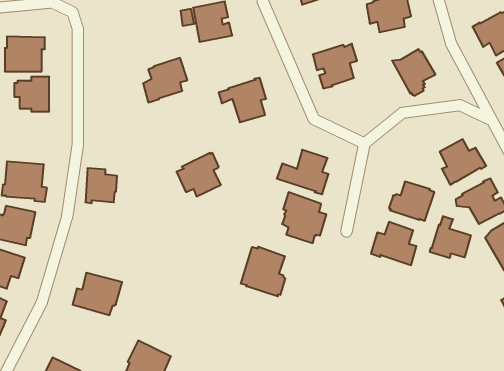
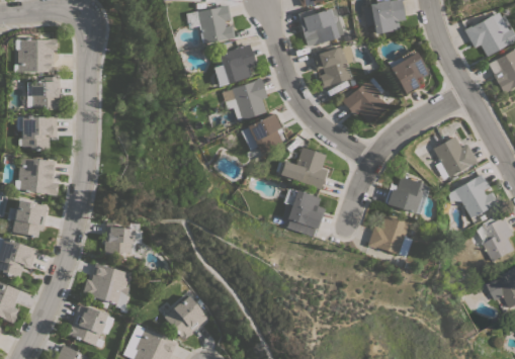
building: none -> [295,8,344,46]
building: [143,58,187,102] -> [213,44,256,87]
building: none -> [341,79,387,123]
building: none -> [20,117,56,150]
building: [176,153,221,196] -> [241,113,283,155]
building: [85,168,117,203] -> [104,221,135,255]
building: [430,216,471,258] -> none
building: [241,247,285,296] -> none
building: none -> [165,295,207,340]
building: none -> [67,304,113,346]

